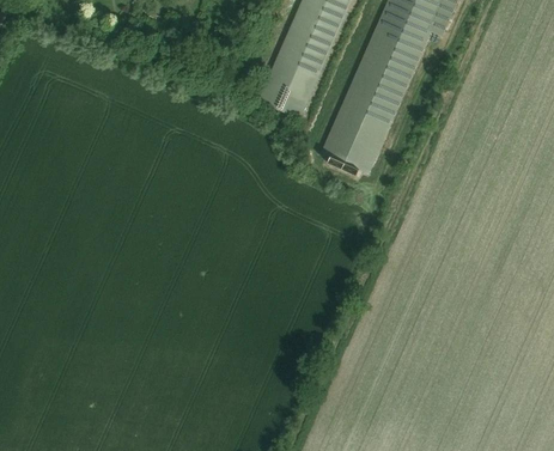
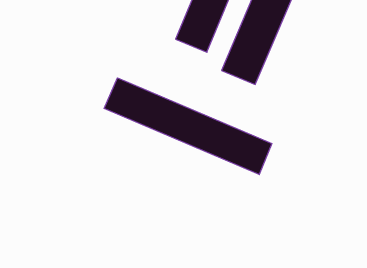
building: none -> [104,78,272,175]

